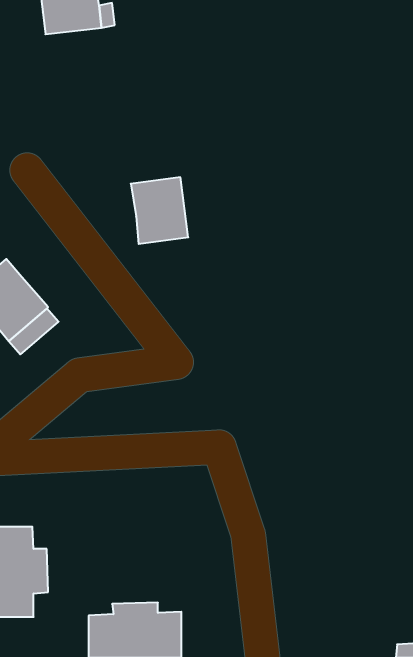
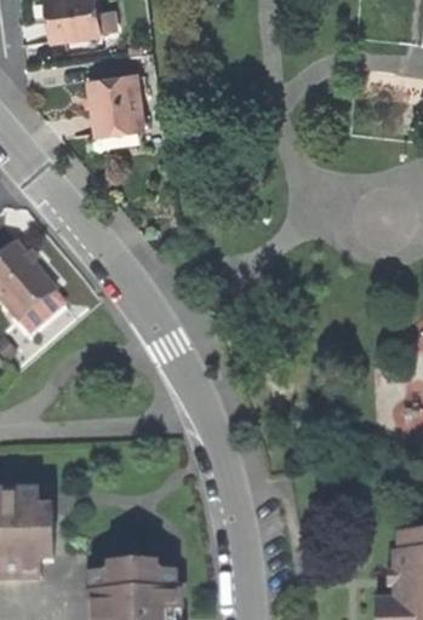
building: [131,177,188,244] -> [91,69,144,131]

